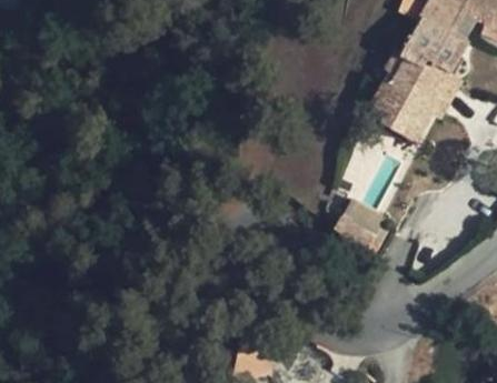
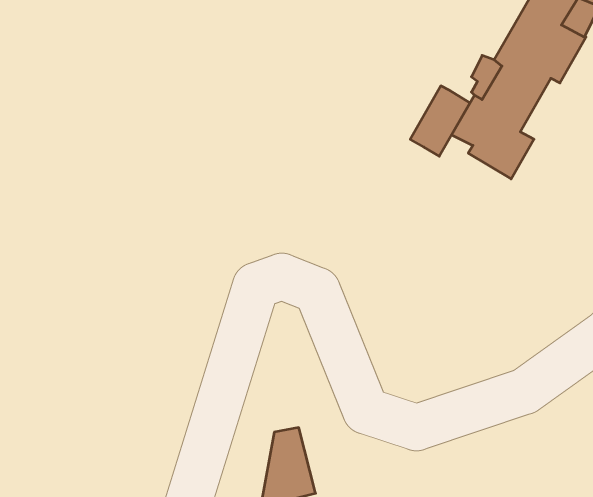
building: [418,71,461,122] -> [410,86,470,156]
building: [329,201,381,259] -> none

